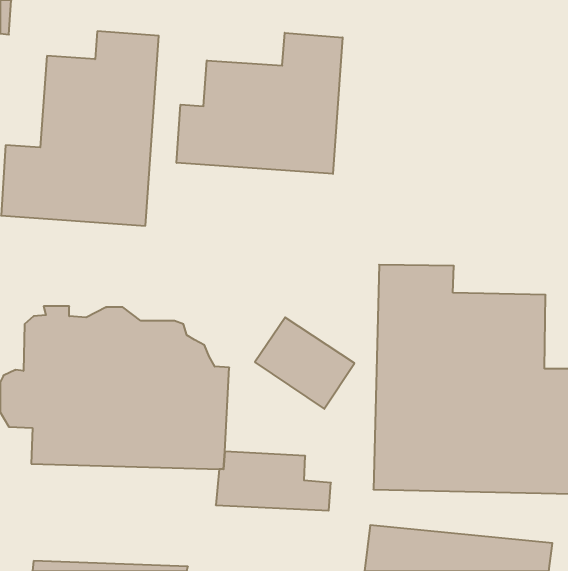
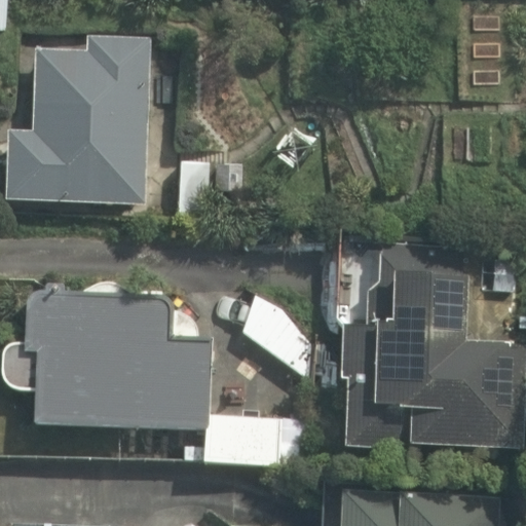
building: [177,33,343,174] -> none

